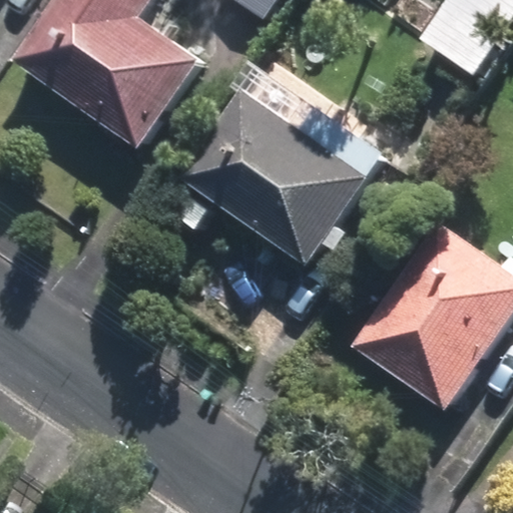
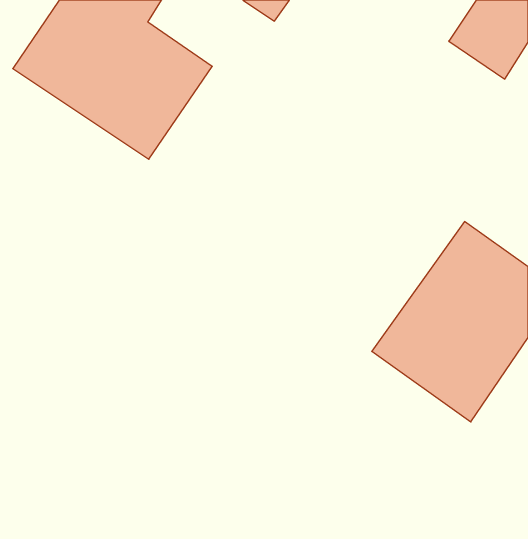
building: [179,89,371,271] -> none

